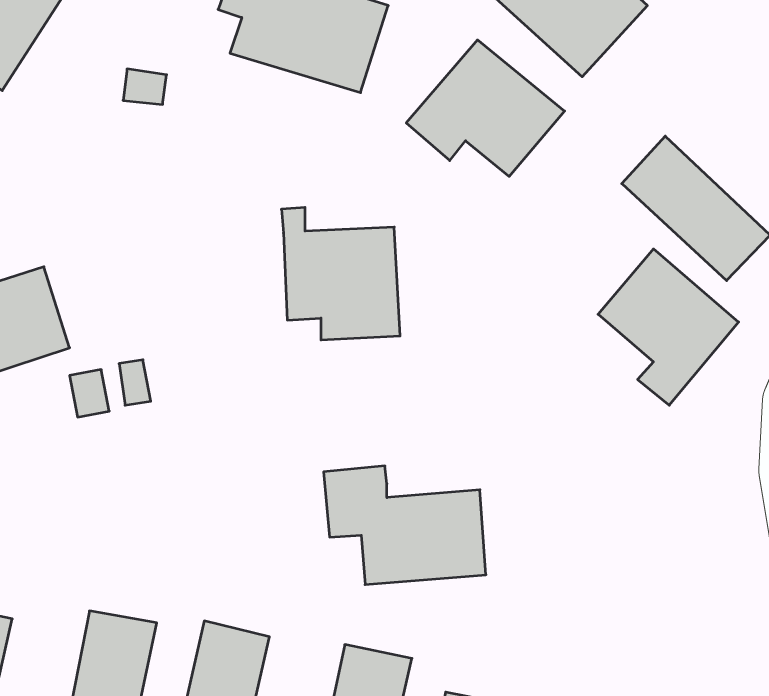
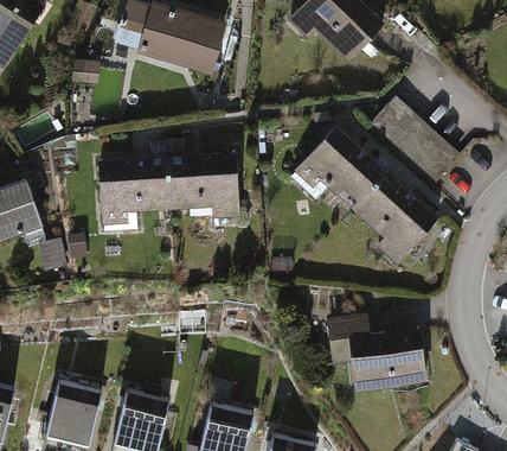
building: [406,40,565,176] -> [297,123,392,205]
building: none -> [103,157,173,231]
building: [324,466,486,585] -> [322,316,419,387]

